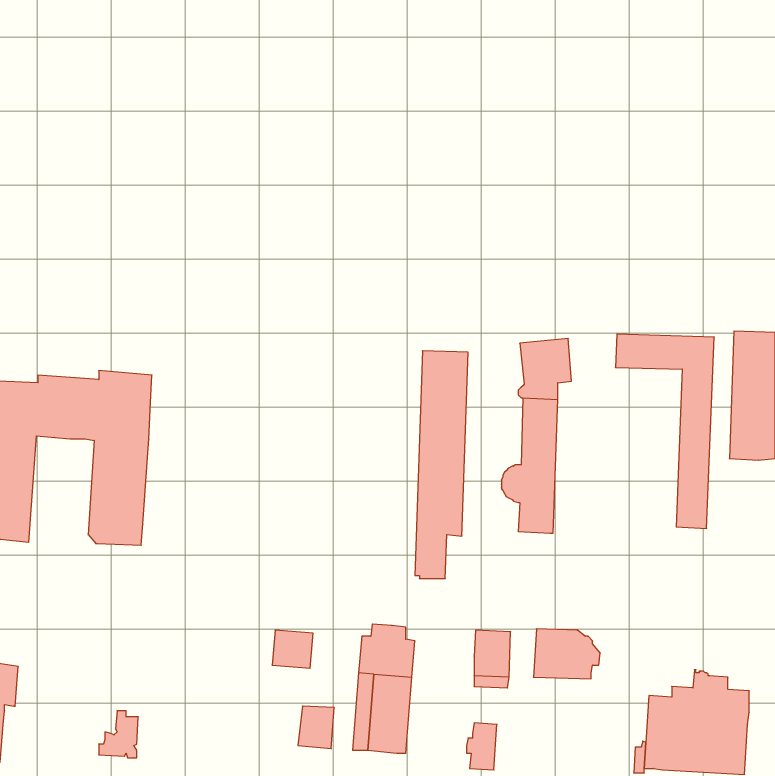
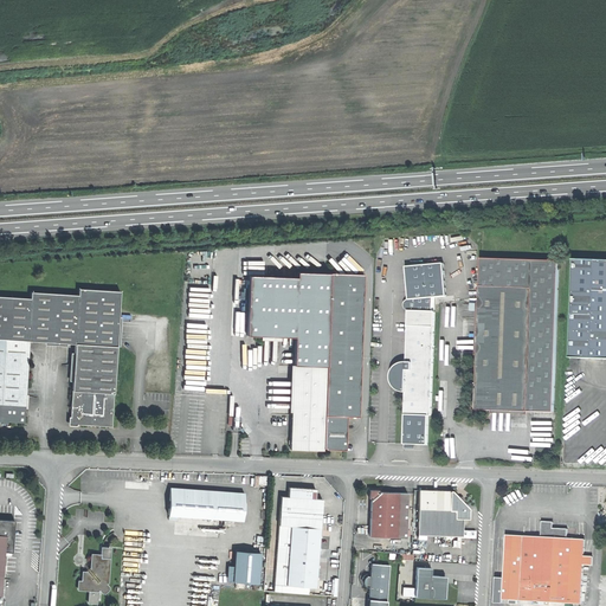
building: none -> [246,272,329,451]
building: none -> [475,286,531,411]
building: none -> [404,414,428,446]
building: none -> [167,488,214,518]
building: none -> [412,567,444,599]

